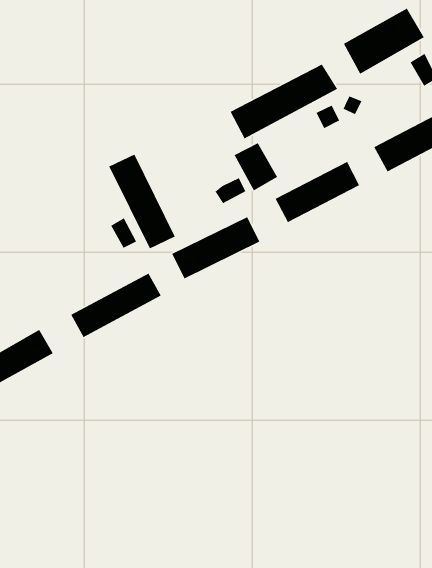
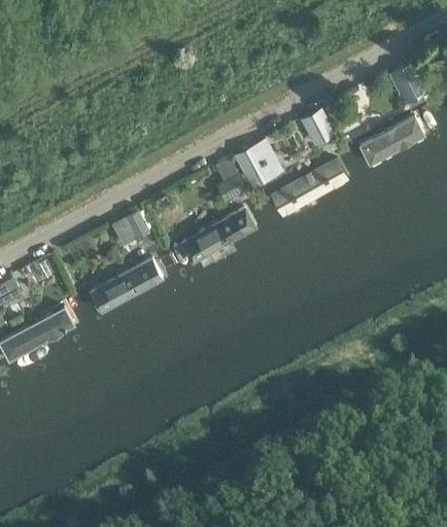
building: [343,7,425,75] -> none
building: [230,64,338,139] -> none
building: [108,153,176,250] -> none

